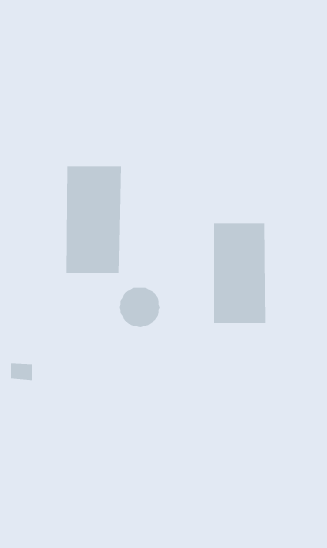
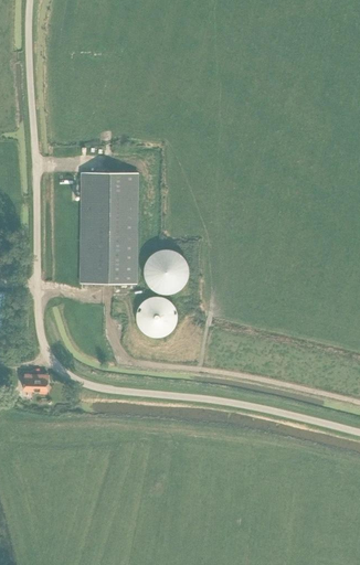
building: [213,222,266,324] -> none
building: none -> [144,249,188,294]

